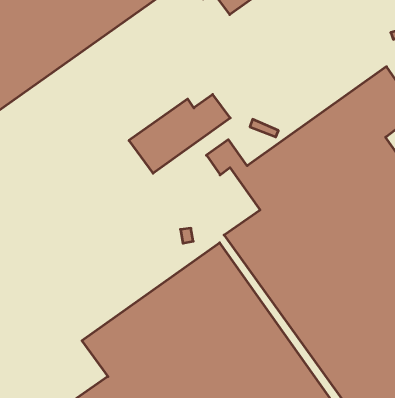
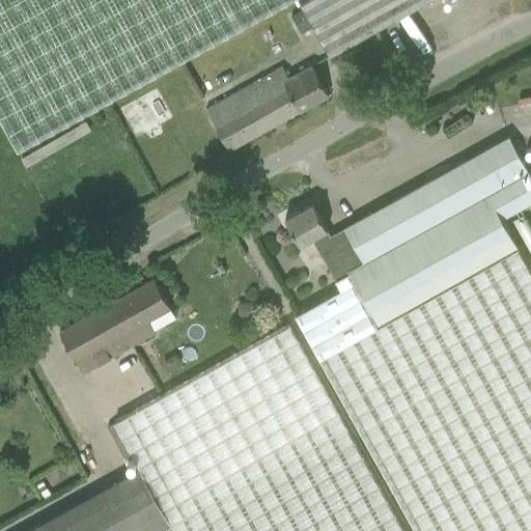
building: [129,94,230,173] -> [206,66,329,151]
building: none -> [60,279,170,374]

